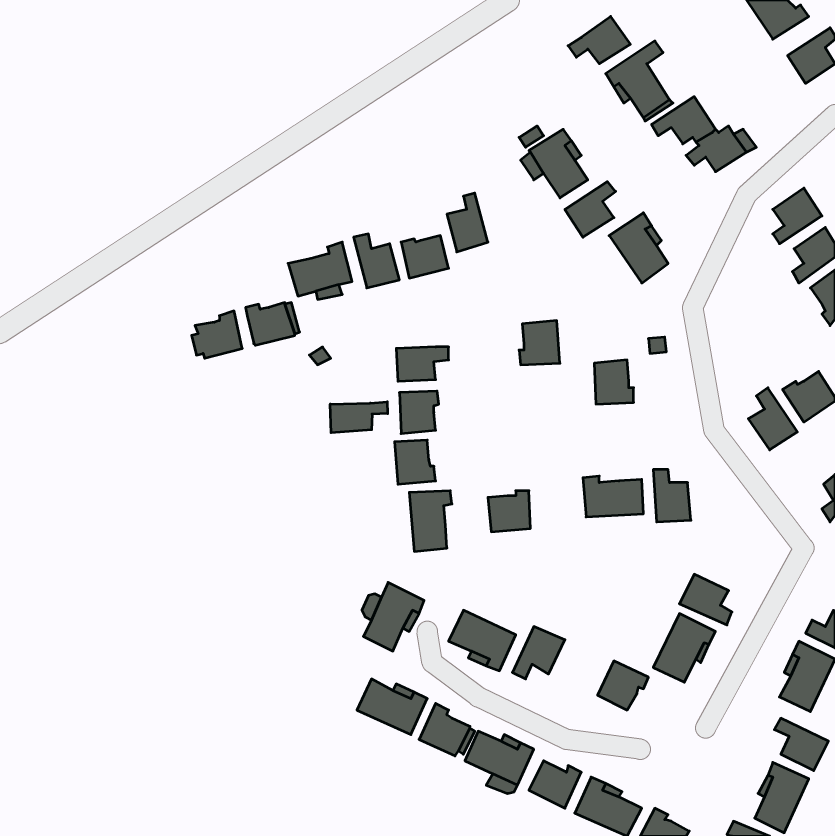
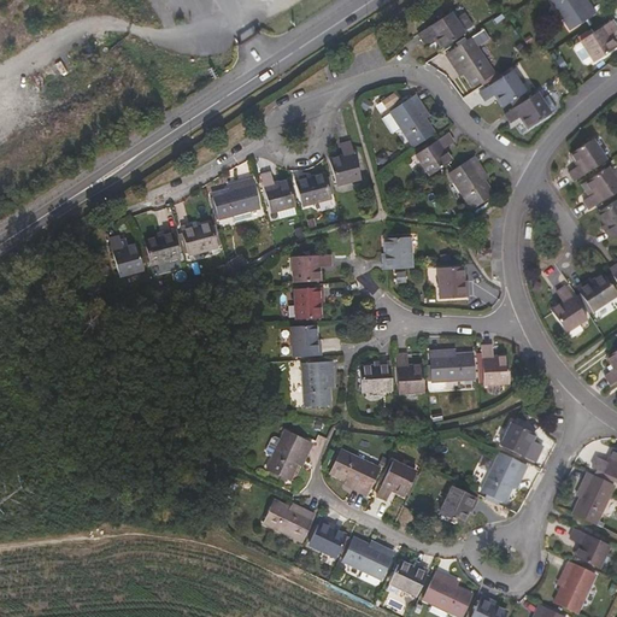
building: none -> [110,236,145,276]
building: [330,402,388,433] -> none
building: none -> [395,354,423,393]

